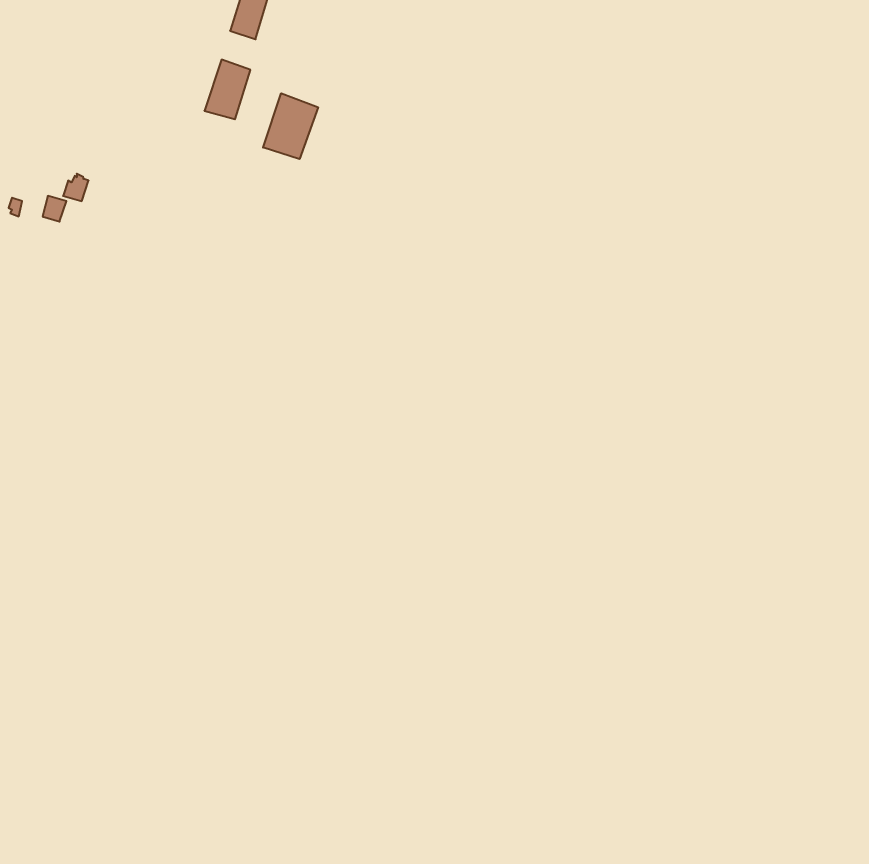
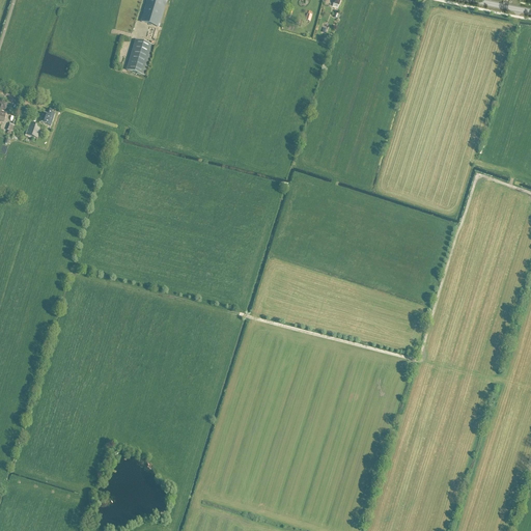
building: [263,93,318,159] -> none

